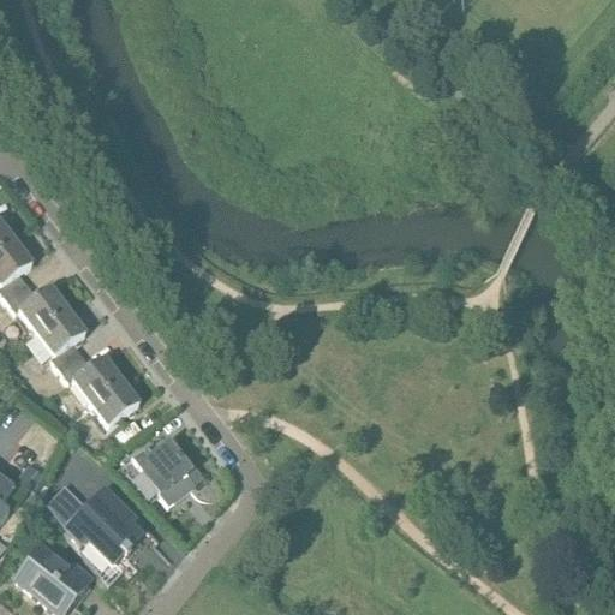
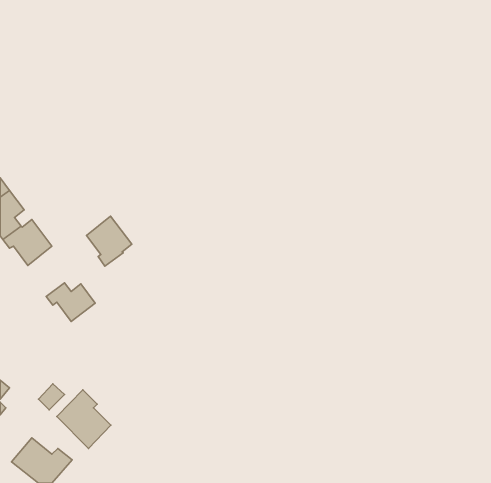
building: [36,308,92,370] -> [87,216,132,266]
building: [90,378,138,424] -> none
building: [131,442,204,502] -> none

